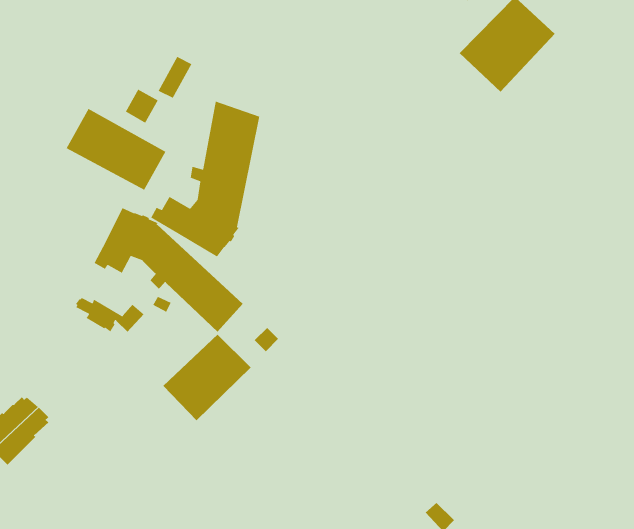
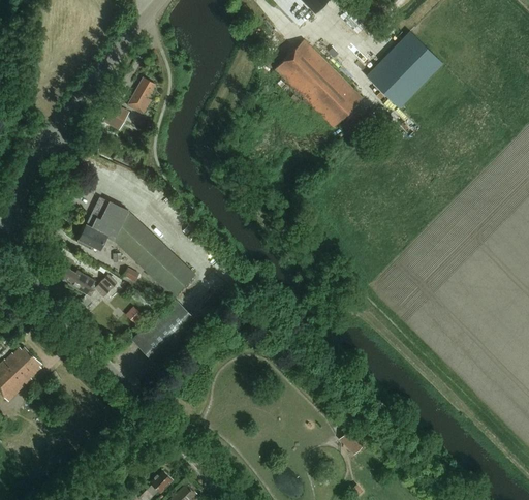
building: none -> [274,39,364,132]
building: [150,101,260,258] -> none
building: [66,108,166,191] -> none

